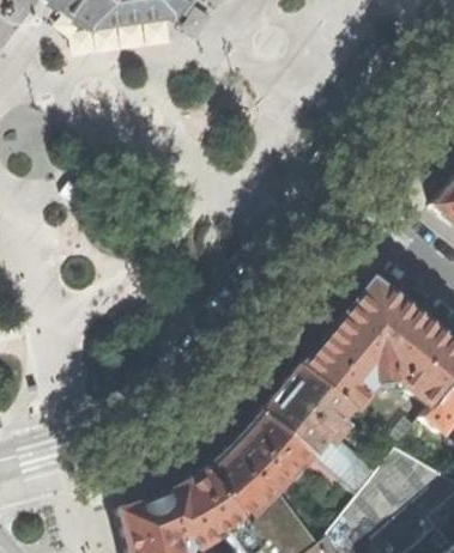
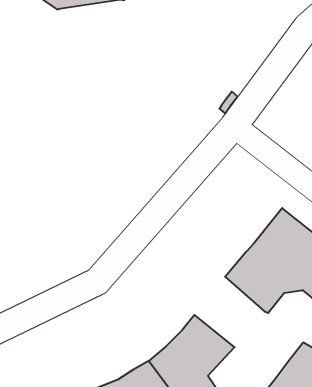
building: [266,365,385,496] -> none

